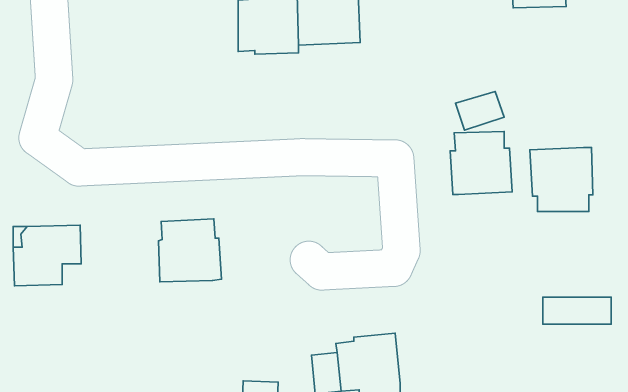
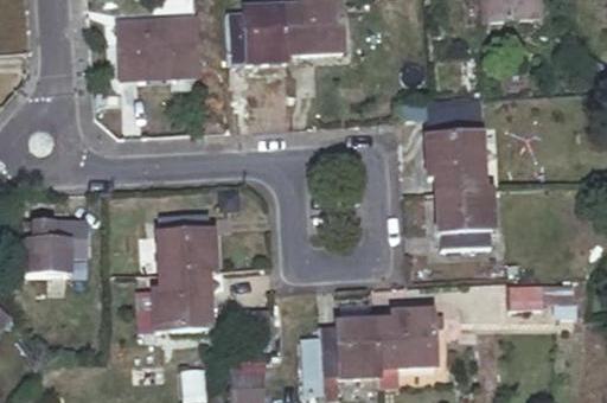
building: none -> [120,23,198,76]
building: [530,147,593,212] -> [434,188,492,248]
building: none -> [154,270,209,327]
building: none -> [376,307,439,365]

